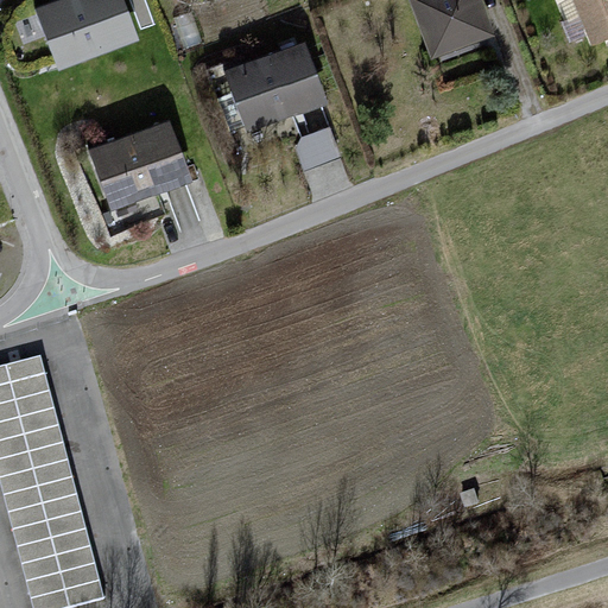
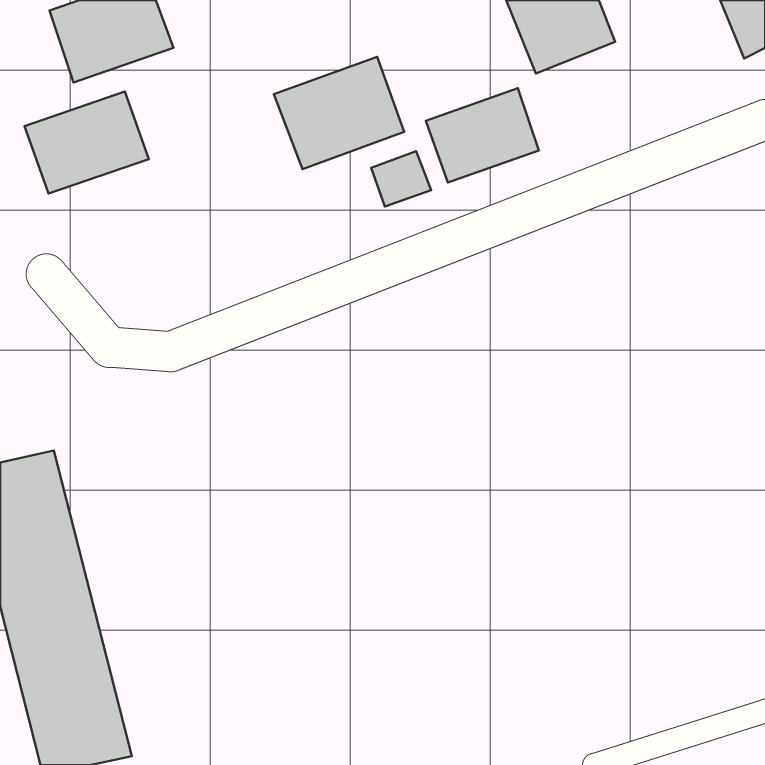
building: none -> [426,88,539,183]
building: [91,124,190,204] -> [25,92,149,193]

